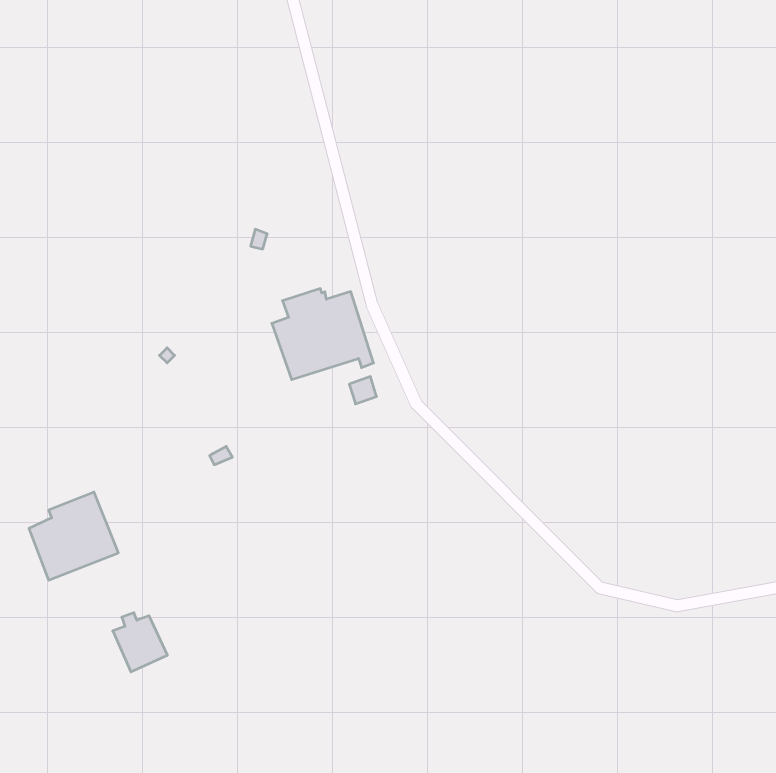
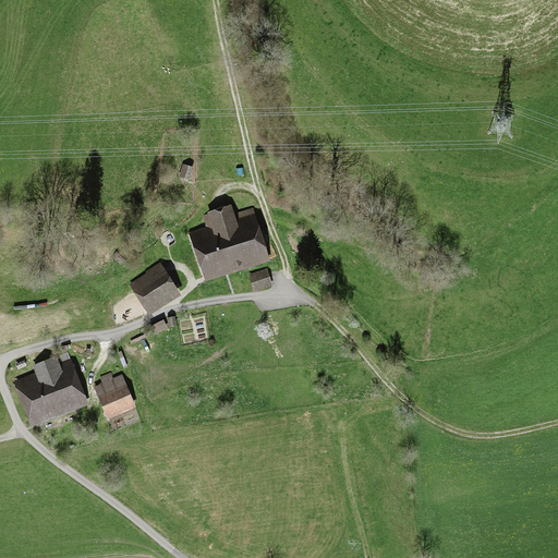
building: none -> [131,267,177,311]
building: [113,613,167,672] -> [95,376,134,418]

